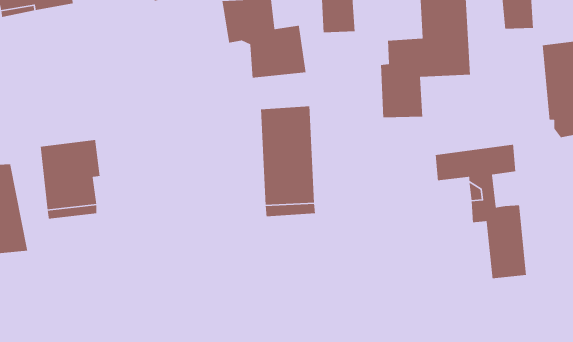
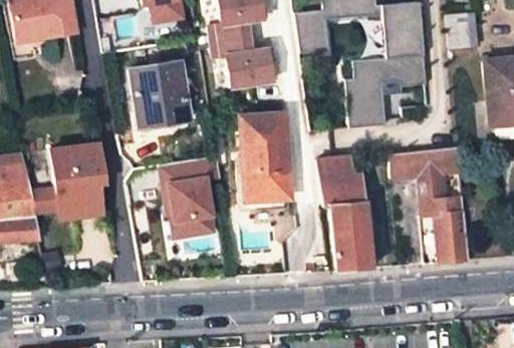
building: none -> [130,62,191,128]
building: none -> [316,156,370,270]
building: none -> [159,158,217,236]

